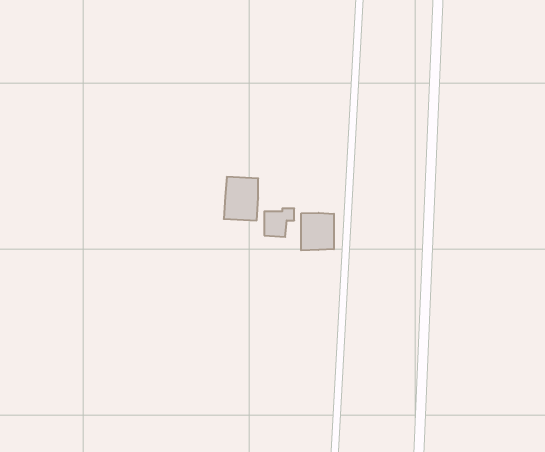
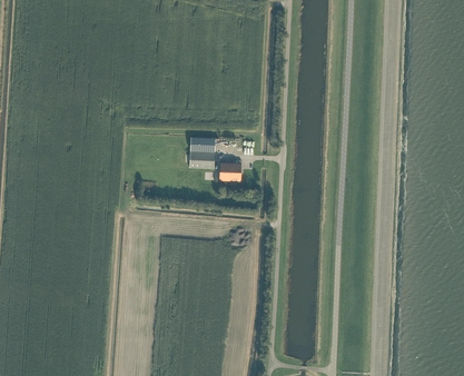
building: [301,213,334,250] -> none

